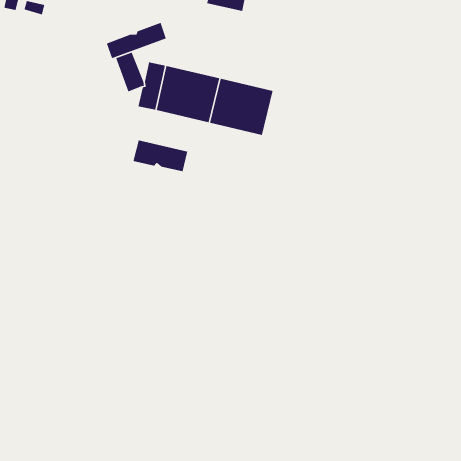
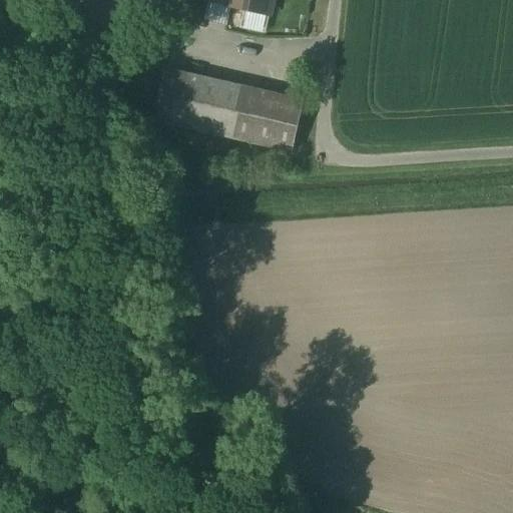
building: [106,22,167,59] -> none
building: [132,139,188,172] -> none

